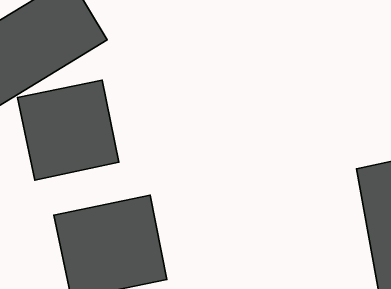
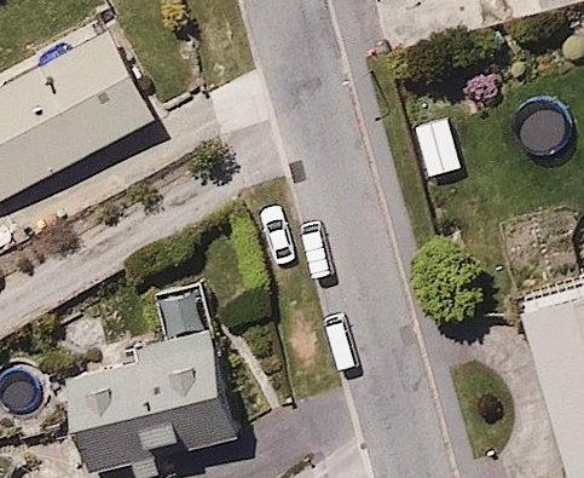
building: [18,80,119,180] -> none

